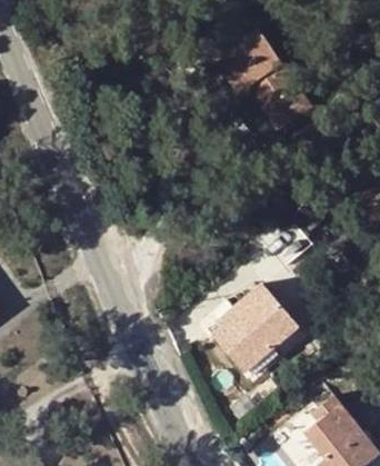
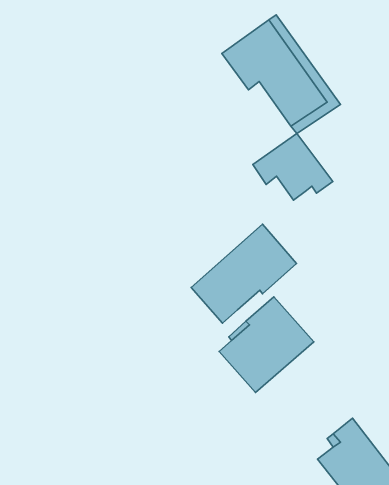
building: none -> [253,133,333,200]
building: none -> [191,224,297,323]

